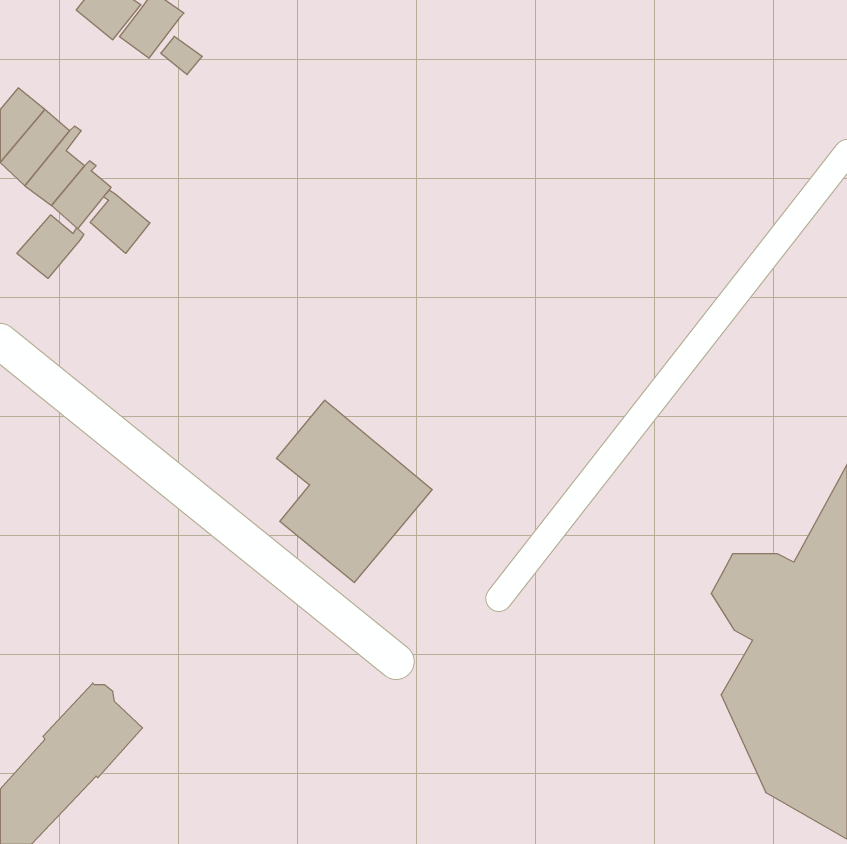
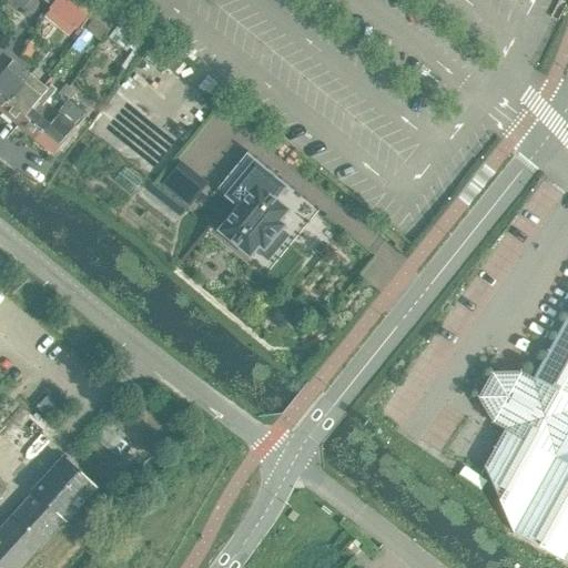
building: [90,190,150,253] -> none
building: [17,215,84,278] -> none
building: [276,400,432,583] -> [215,149,320,271]

